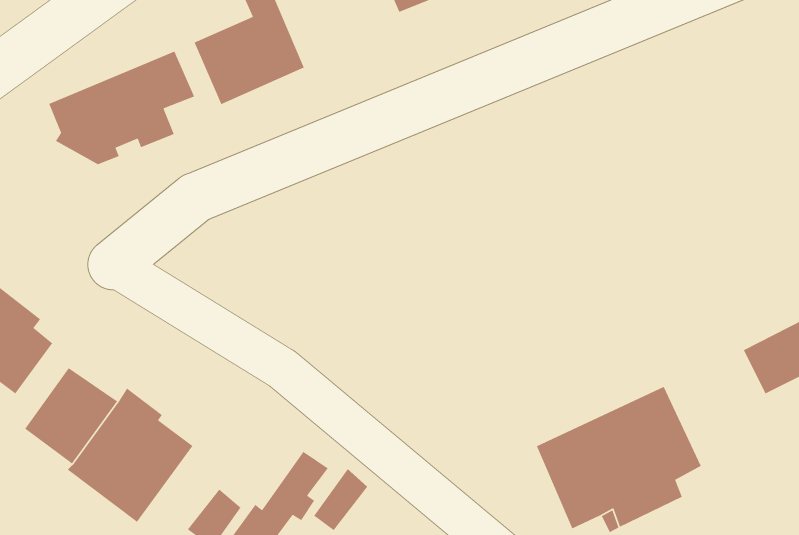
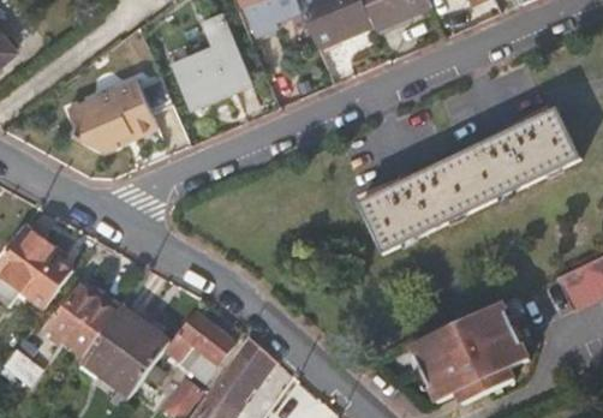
building: none -> [360,109,580,252]
building: none -> [169,314,237,383]

